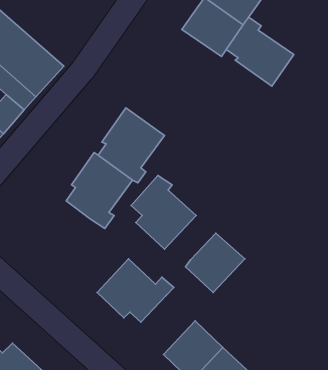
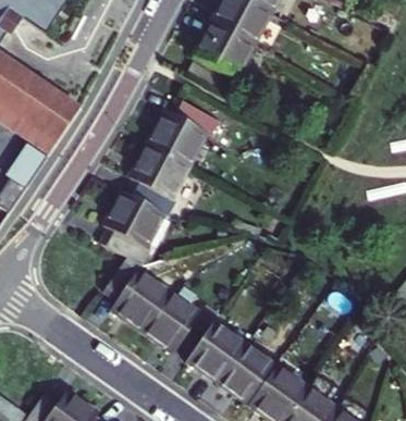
building: [226,18,294,86] -> none
building: none -> [148,97,219,164]
building: [131,176,196,249] -> [103,256,169,327]
building: [185,233,245,292] -> [184,322,242,381]

